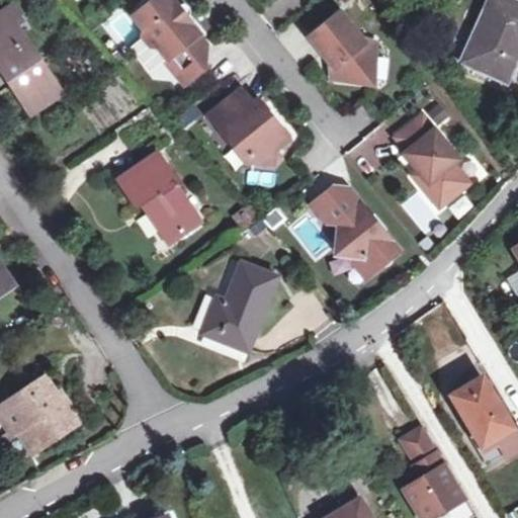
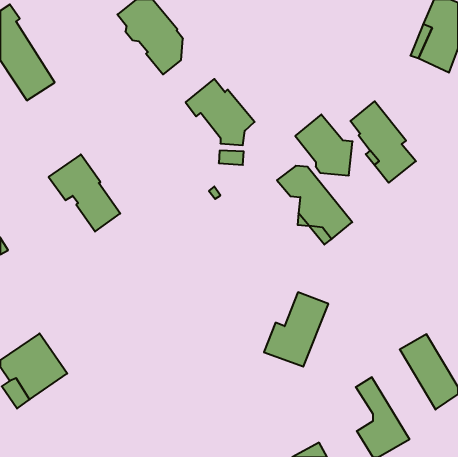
building: [311,12,375,81] -> [295,114,353,175]
building: [118,154,199,241] -> [49,154,120,232]
building: [203,263,276,347] -> [264,292,328,367]

